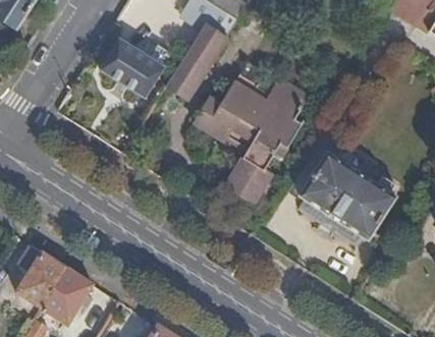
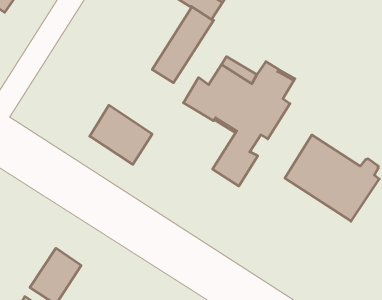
building: [100,39,163,99] -> [90,105,152,164]
building: [16,246,67,307] -> none

